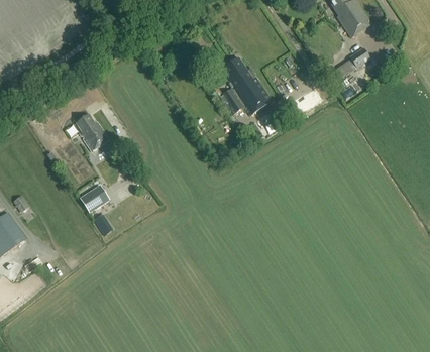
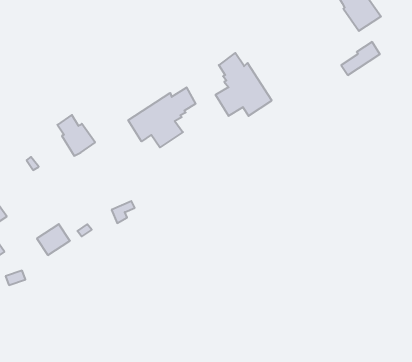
building: none -> [128,87,196,147]
building: [79,185,109,213] -> [37,224,70,255]

